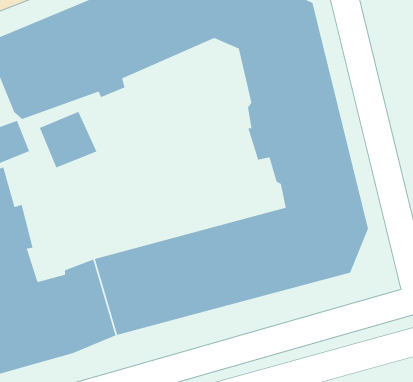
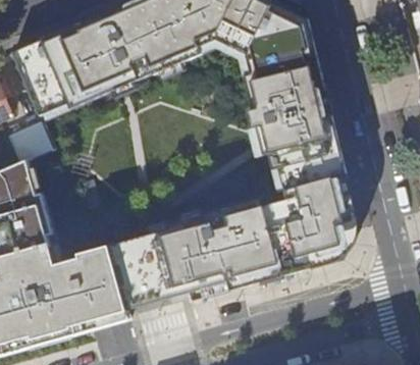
building: [39,111,97,169] -> none

